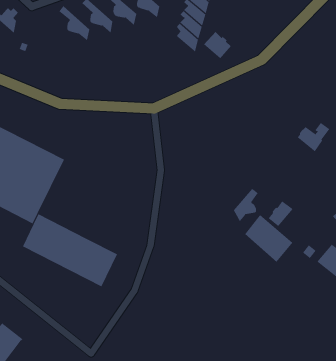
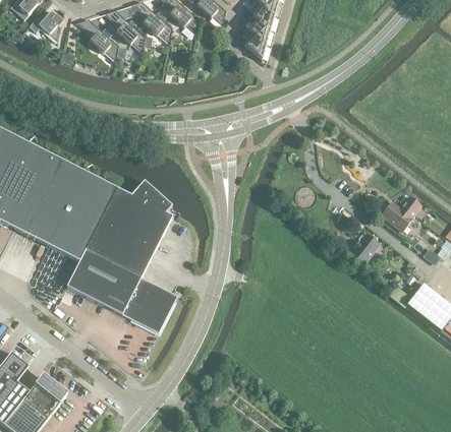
building: none -> [81,18,118,63]
building: [203,31,232,59] -> none
building: [297,122,330,152] -> [381,196,419,231]
building: none -> [84,181,172,276]
building: [233,188,258,226] -> none
building: [245,214,293,262] -> none

